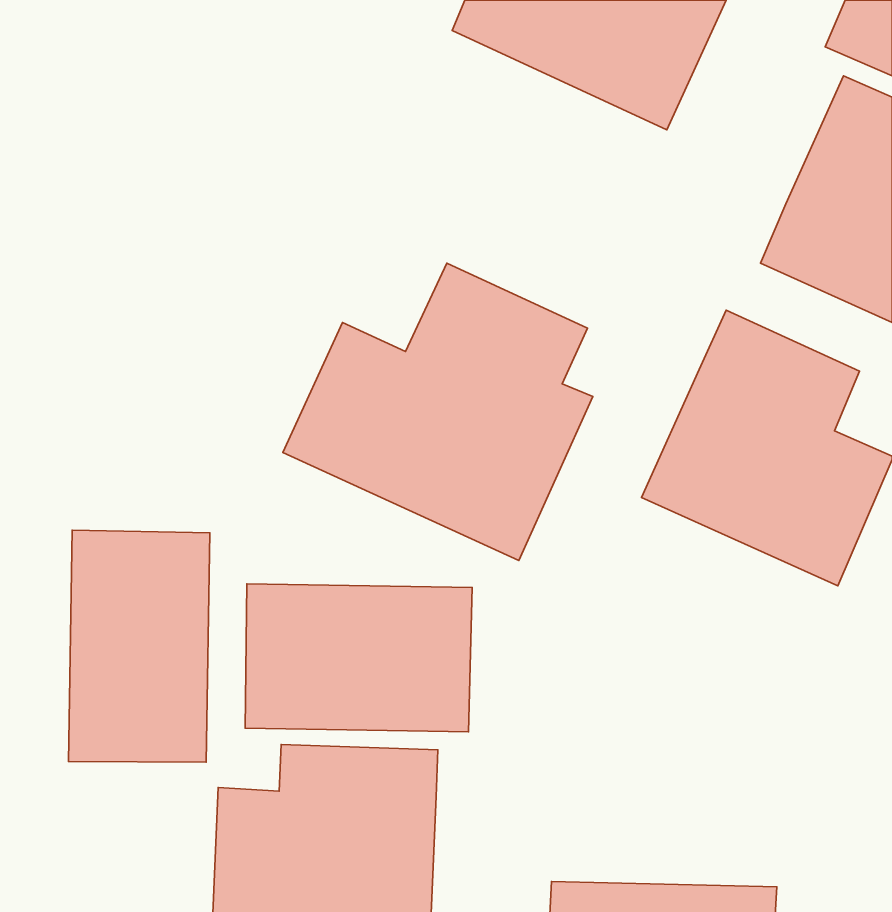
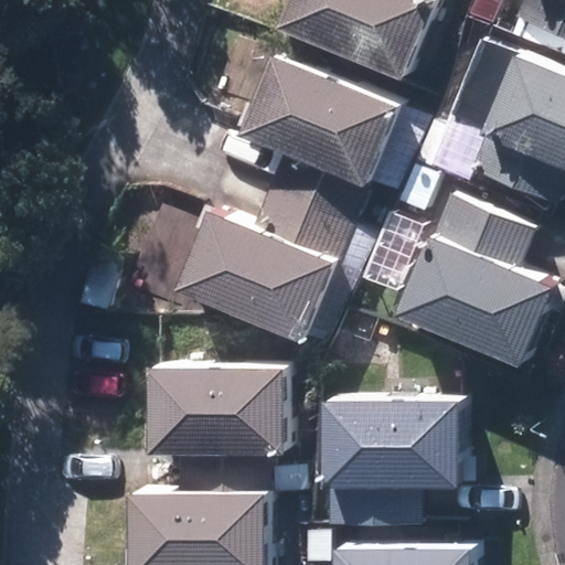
building: none -> [239,50,423,198]
building: [69,530,210,762] -> none
building: none -> [321,399,459,524]

